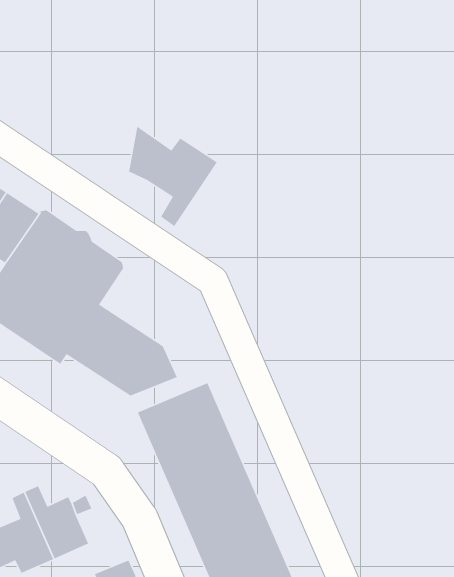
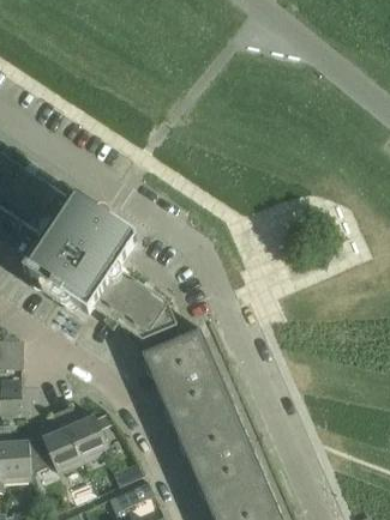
building: [128,126,218,227] -> none

